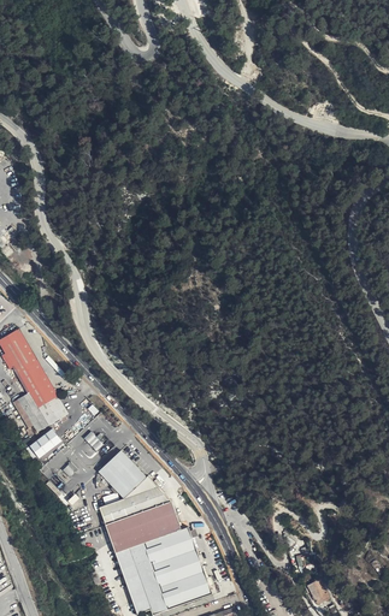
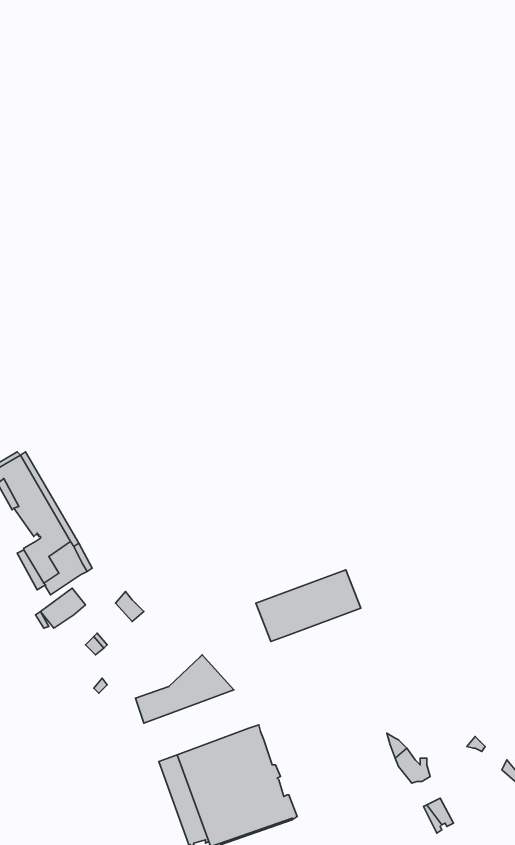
building: [98,451,146,499] -> none
building: [105,502,181,553] -> [256,570,361,642]

